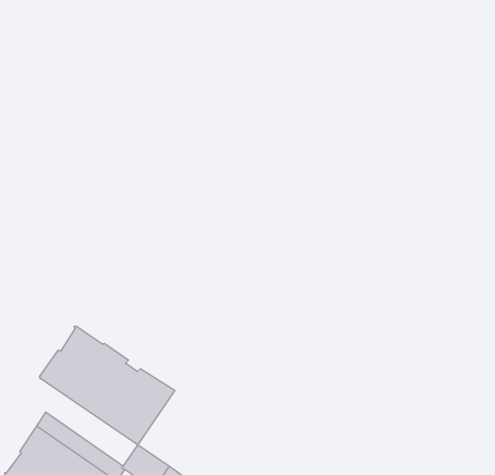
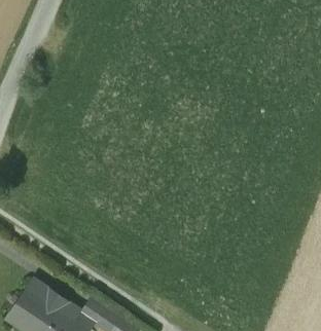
building: [40,326,175,445] -> none

